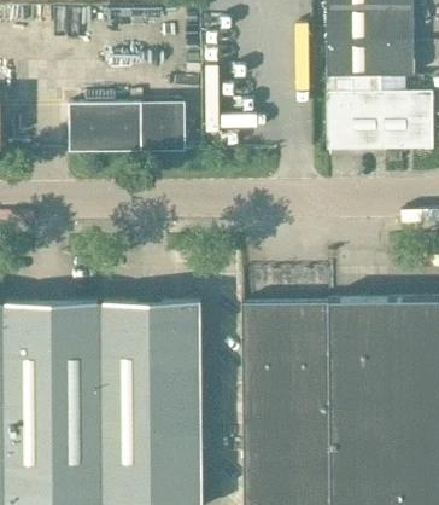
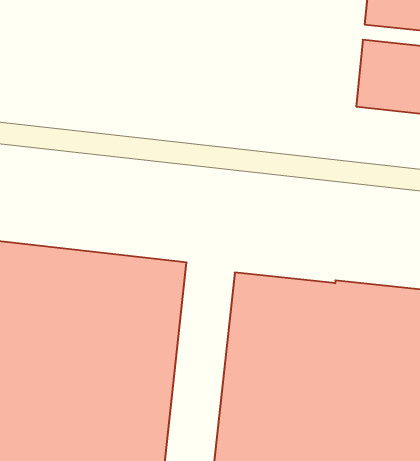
building: [68,103,185,153] -> none

